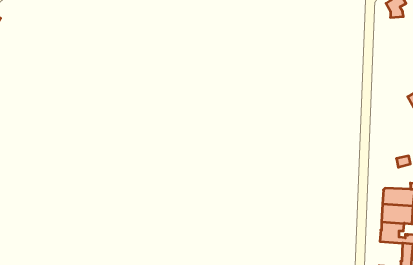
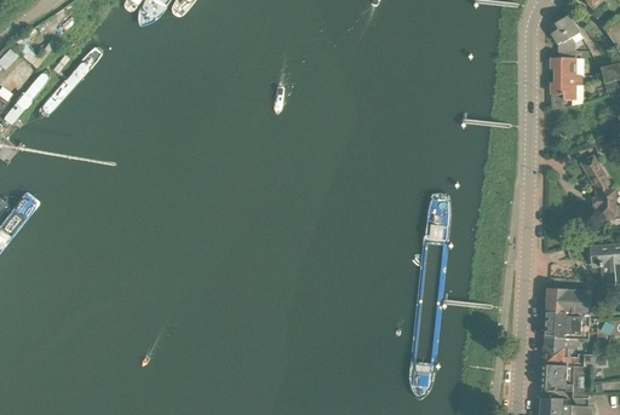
building: none -> [552,50,582,108]
building: none -> [542,362,575,390]

